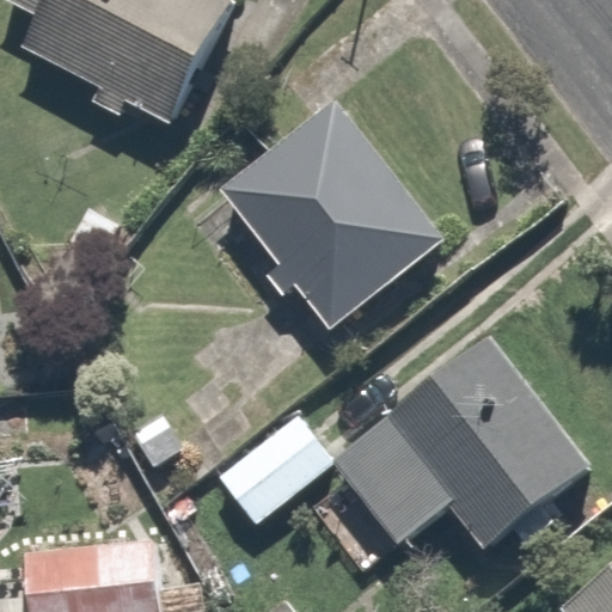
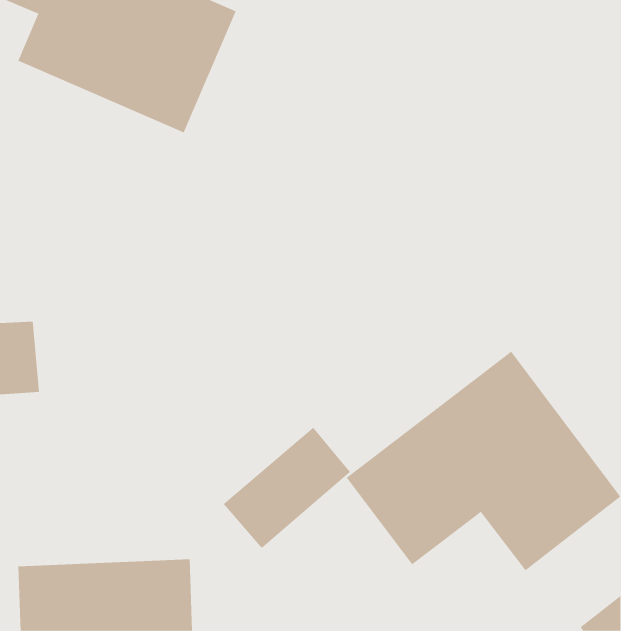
building: [222,114,435,330] -> none

